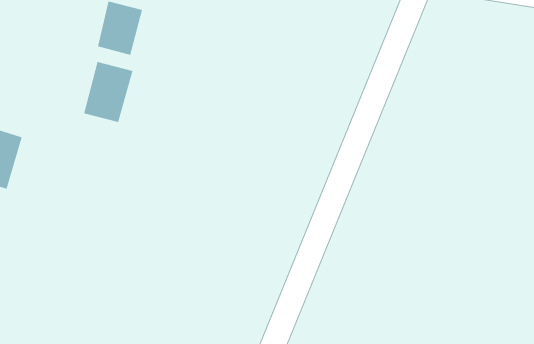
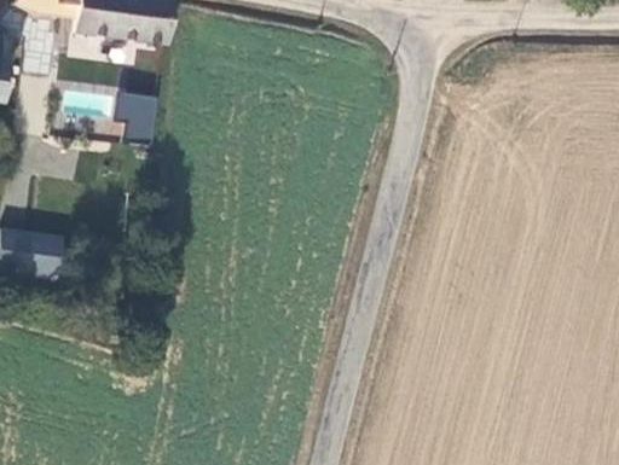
building: [83,61,133,123] -> none

